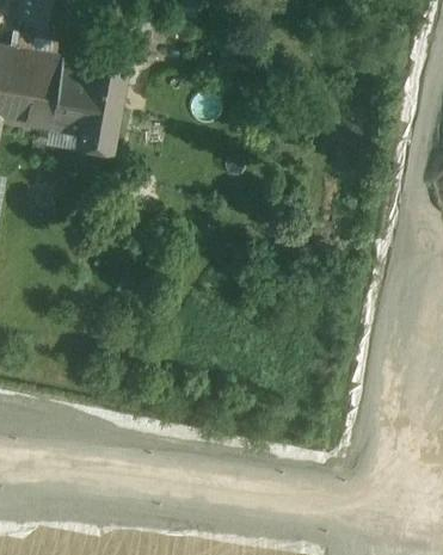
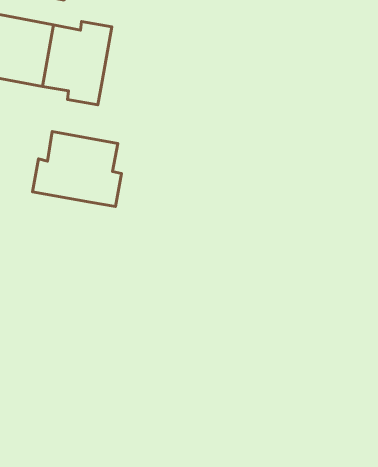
building: none -> [33,131,121,206]

